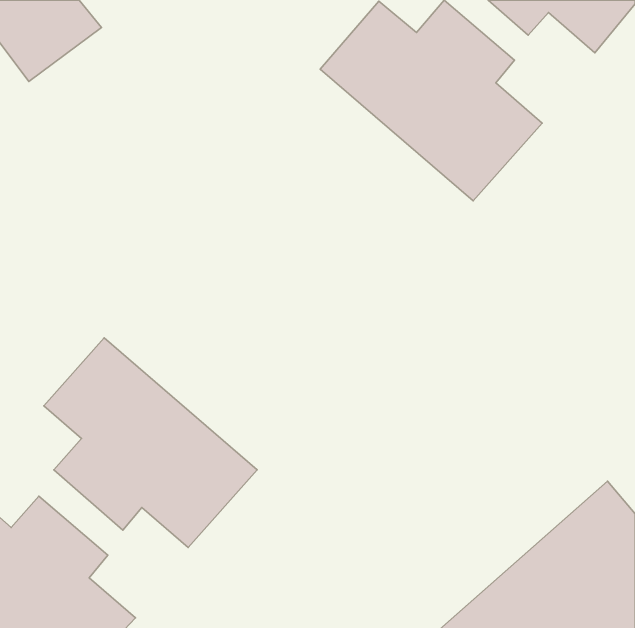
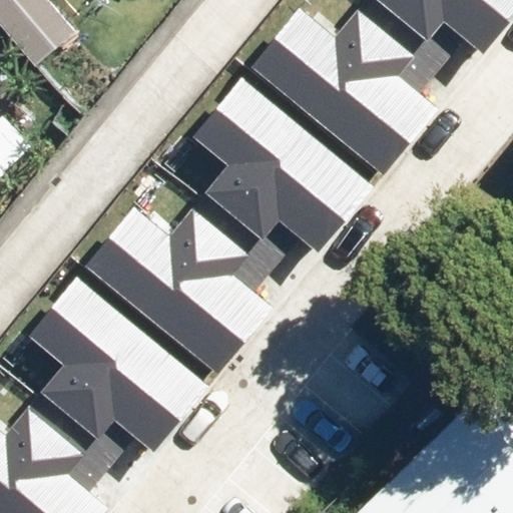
building: none -> [198,85,369,253]
building: none -> [95,211,272,372]

